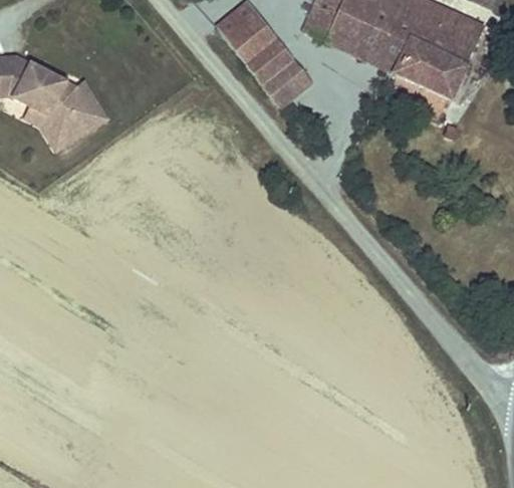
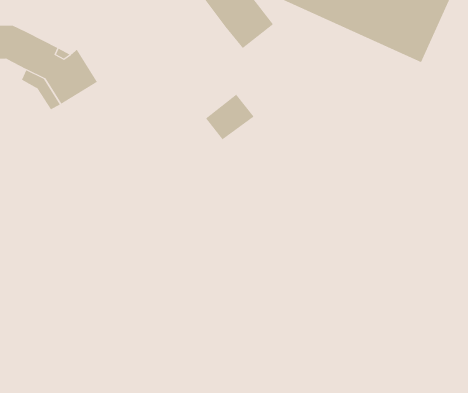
building: [261,56,313,105] -> [205,94,254,140]

